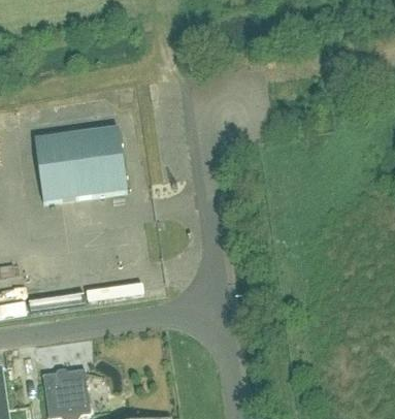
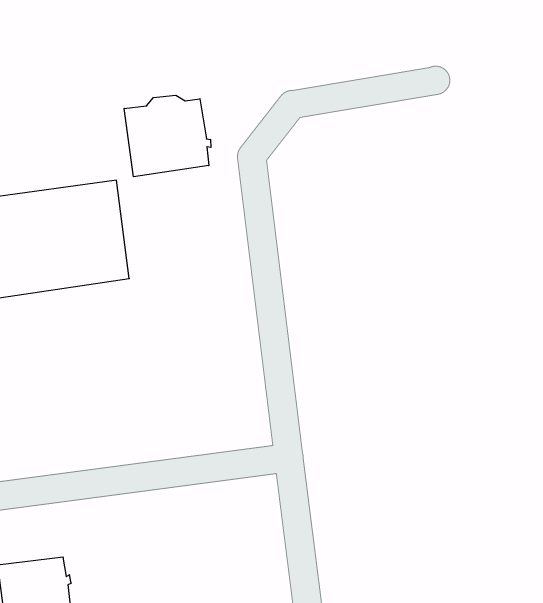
building: none -> [124,95,211,177]

